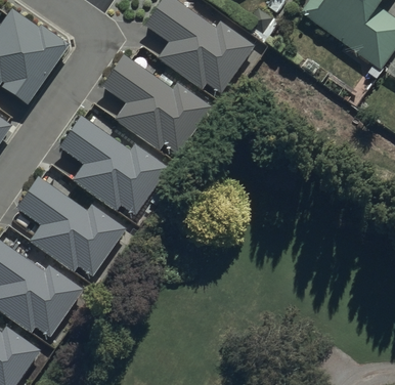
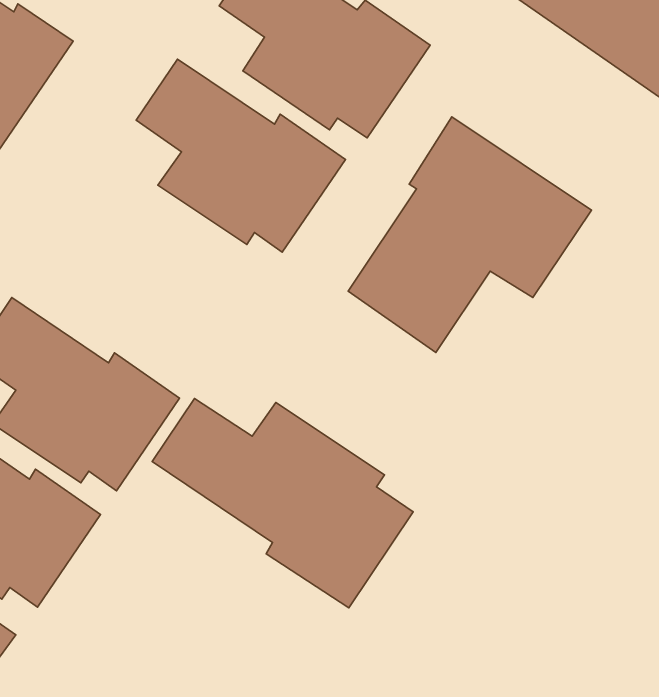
building: none -> [348,117,591,353]
building: [61,115,170,215] -> none
building: none -> [152,398,413,608]

